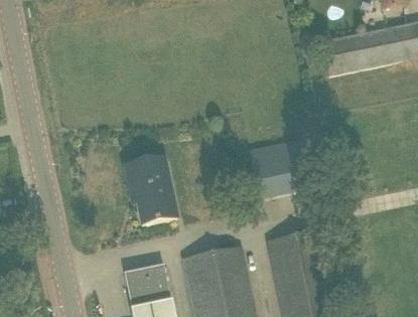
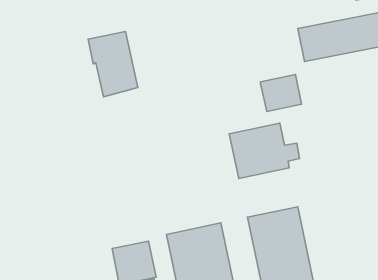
building: none -> [260,75,302,111]
building: [126,157,178,226] -> [88,31,138,97]

